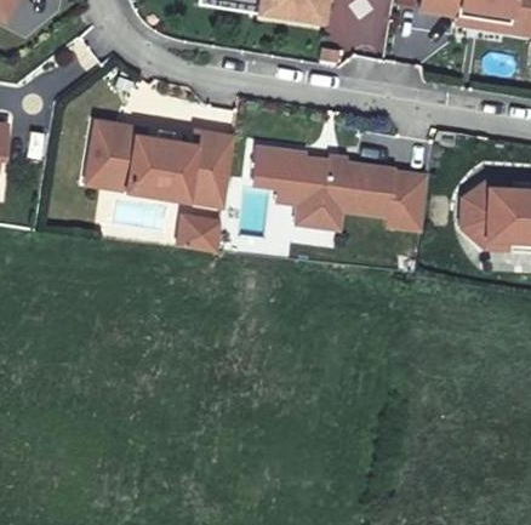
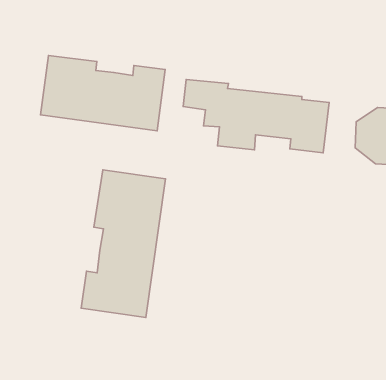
building: [177,213,222,252] -> none
building: none -> [81,170,166,318]

